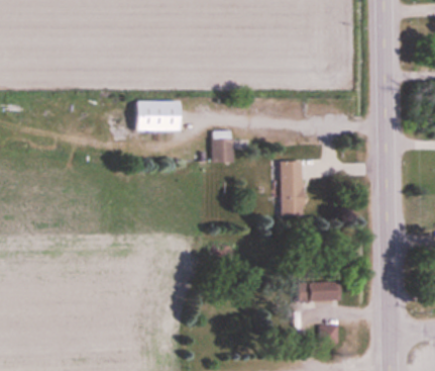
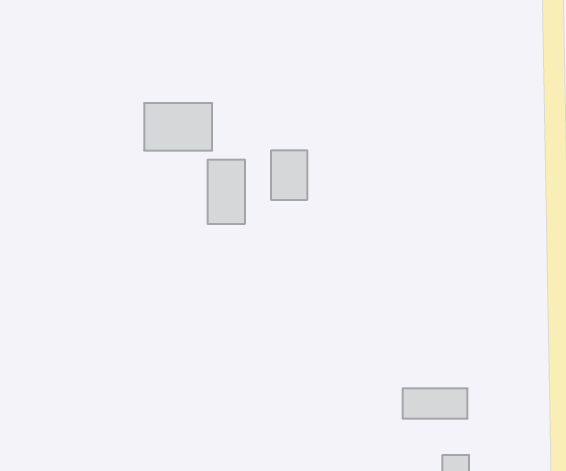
building: none -> [208,160,245,224]
building: [281,162,304,216] -> none

